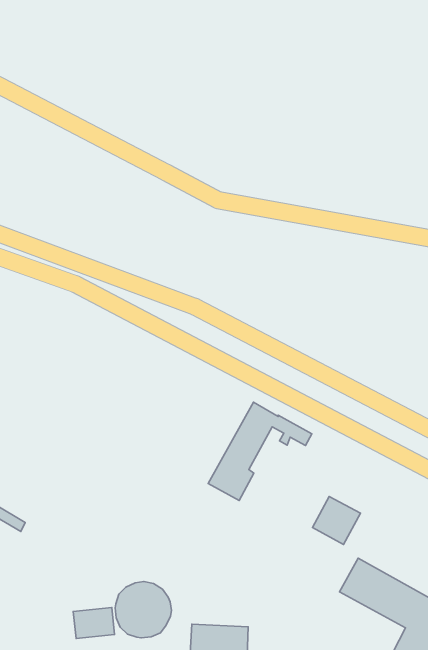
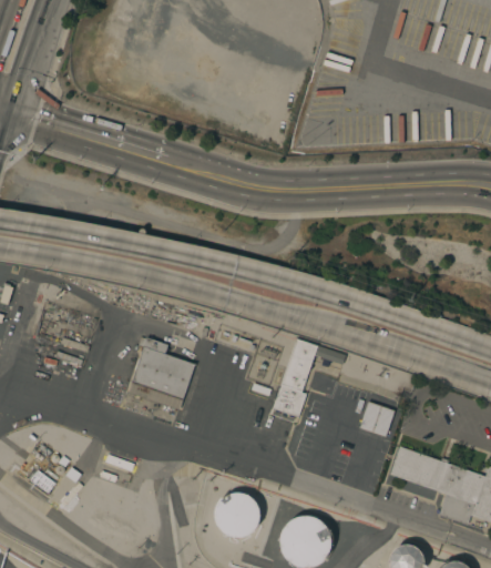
building: none -> [129,336,196,410]
building: [73,608,115,638] -> none

